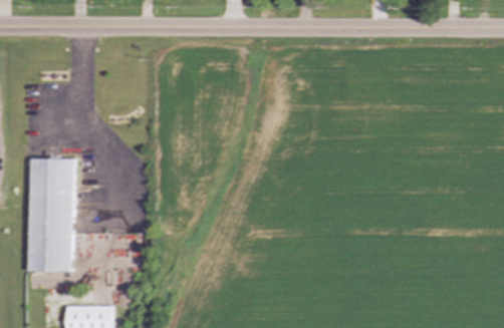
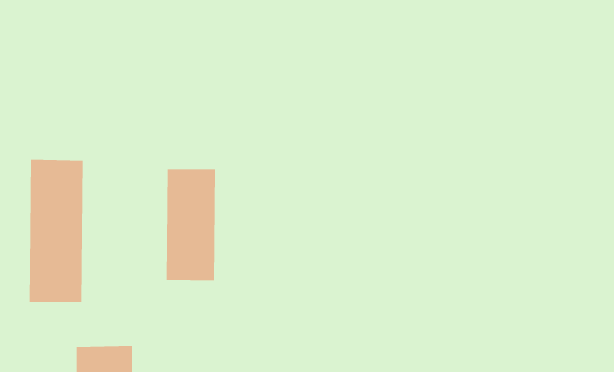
building: none -> [166,168,216,281]

